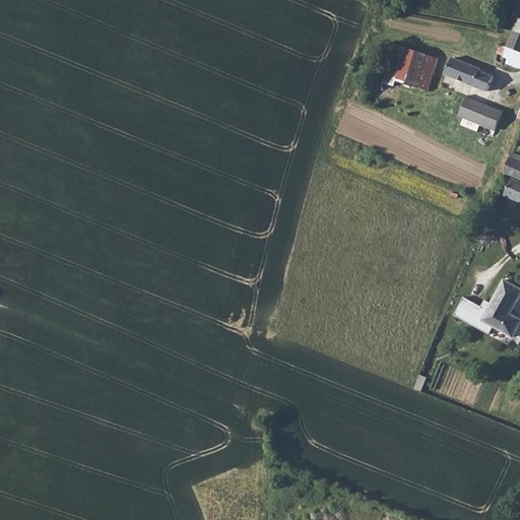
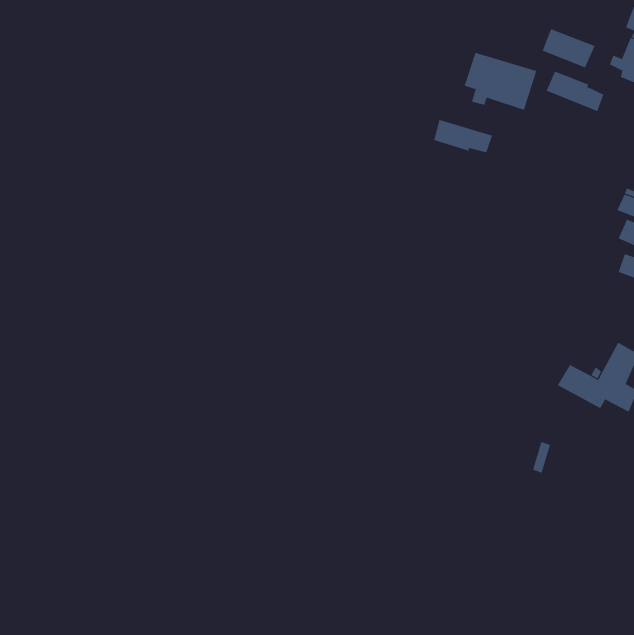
building: none -> [433,119,493,153]
building: [461,98,505,130] -> [542,28,595,68]

